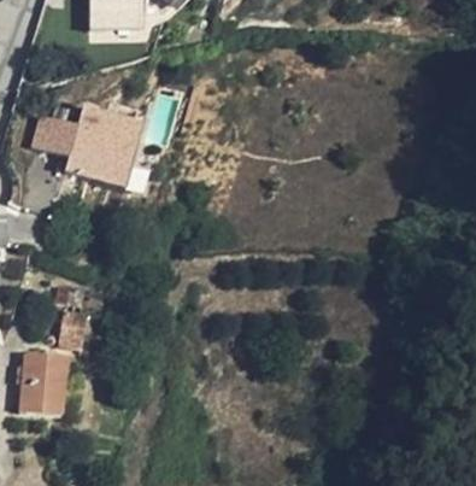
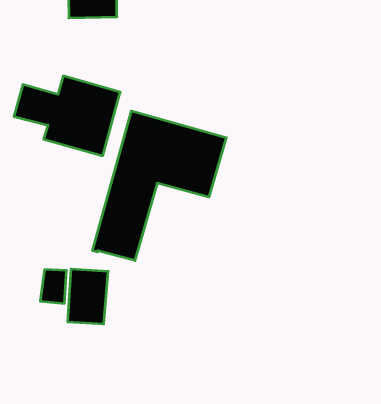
building: none -> [93,111,226,261]
building: [24,355,69,415] -> [68,269,108,324]

